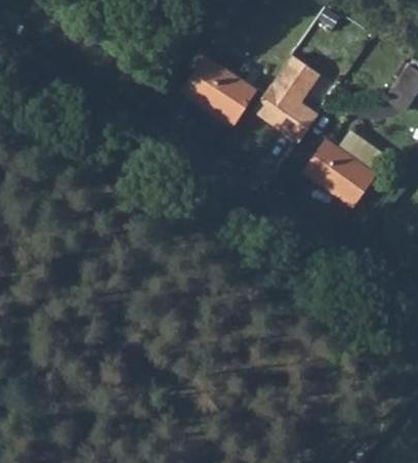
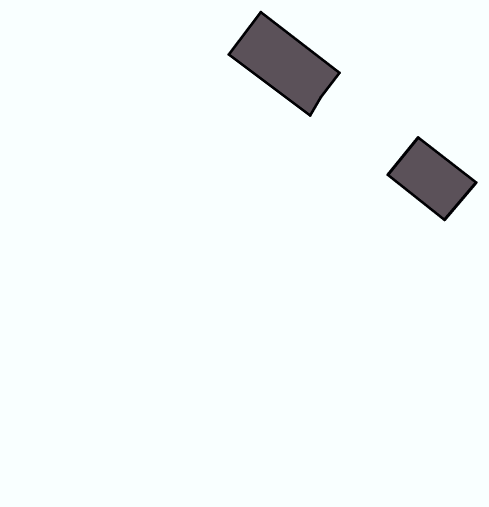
building: [251,55,321,146] -> none

